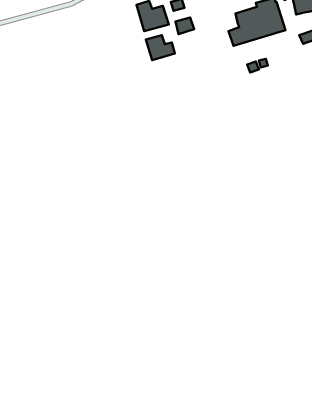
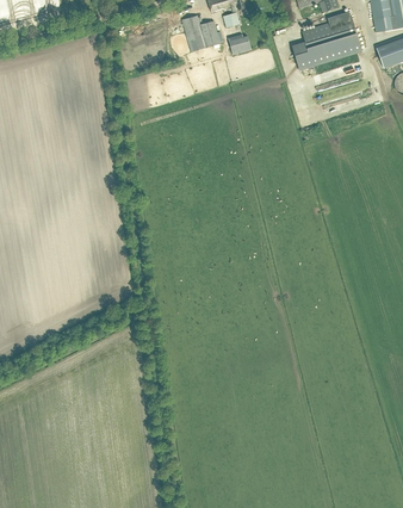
building: [146,35,175,60] -> none

